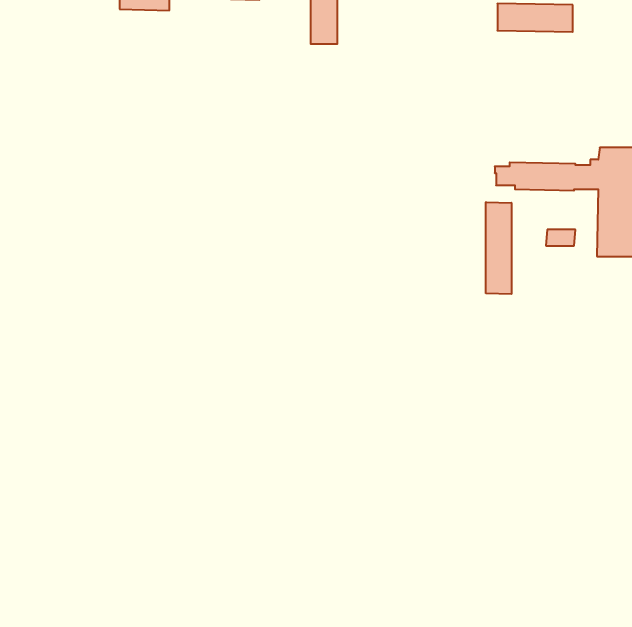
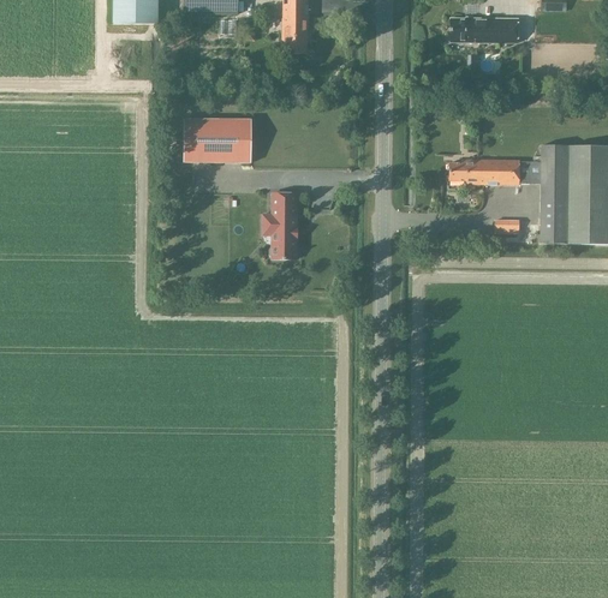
building: none -> [184,118,251,162]
building: none -> [269,192,297,258]
building: [486,202,511,294] -> none

